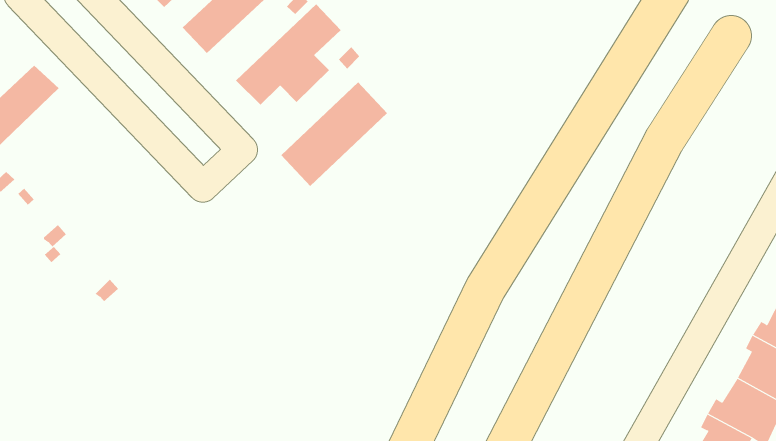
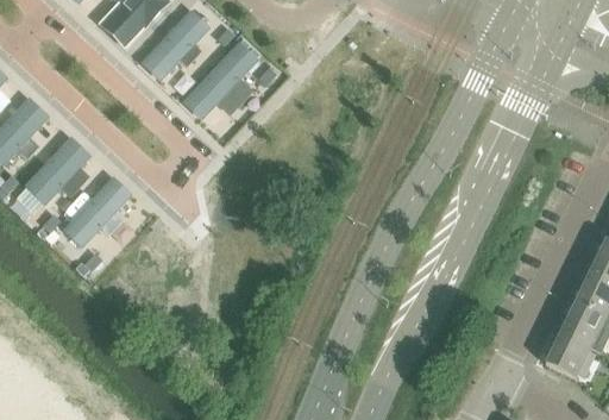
building: [280,81,388,187] -> none
building: none -> [25,134,92,202]
building: none -> [61,174,131,246]

